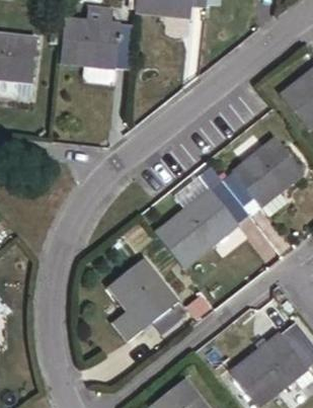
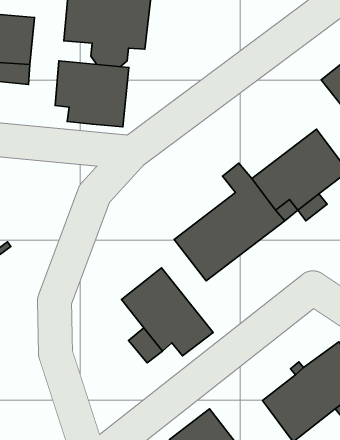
building: none -> [55,61,129,127]

